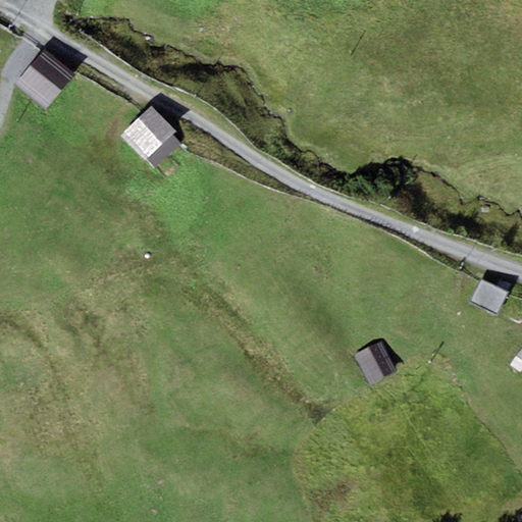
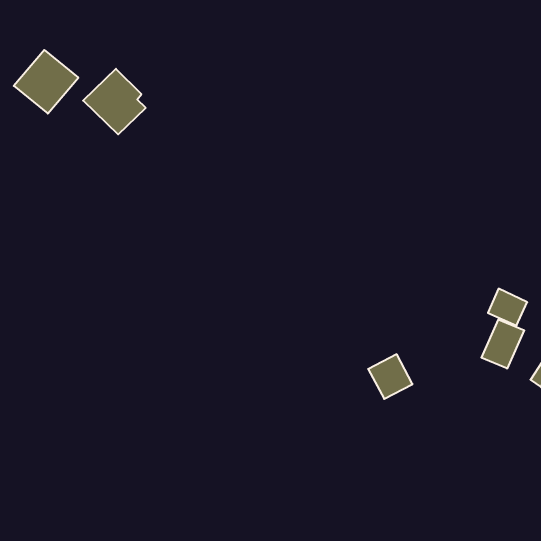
building: [121,104,181,167] -> [83,69,146,134]
building: none -> [481,319,524,369]

